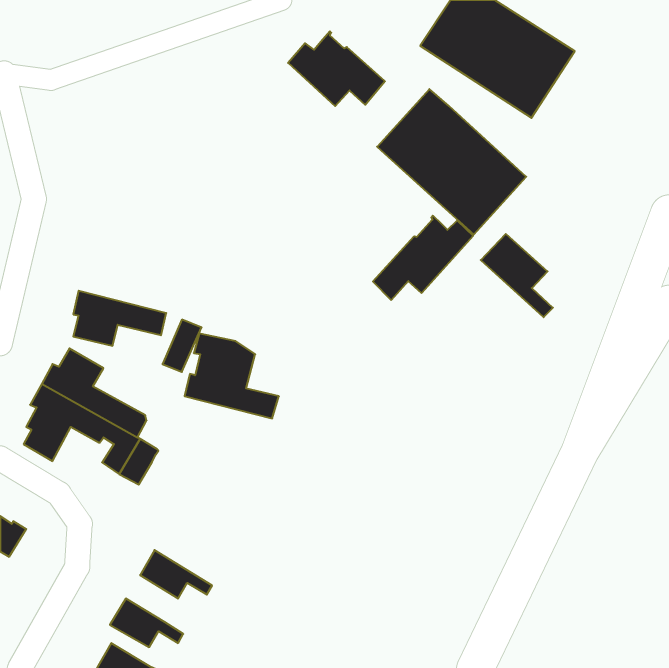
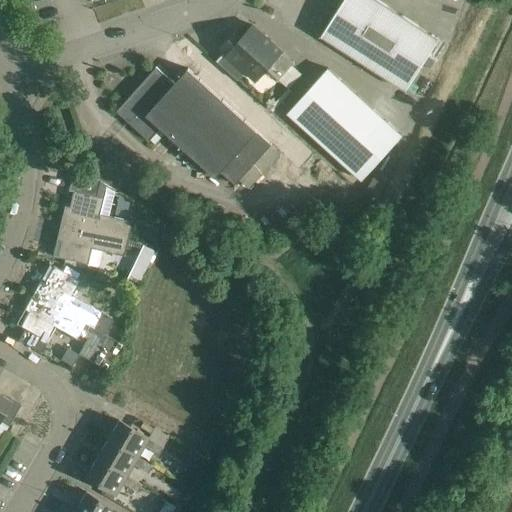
building: none -> [116,67,272,184]
building: [373,216,473,300] -> none
building: [481,234,553,317] -> none
building: [185,333,279,418] -> [60,175,132,240]
building: none -> [96,440,151,476]

